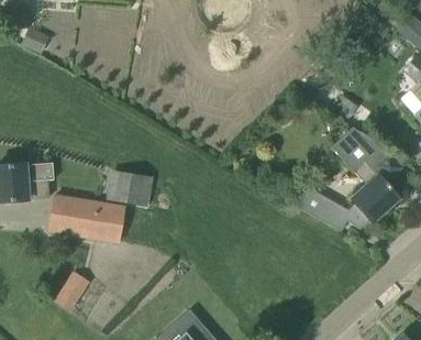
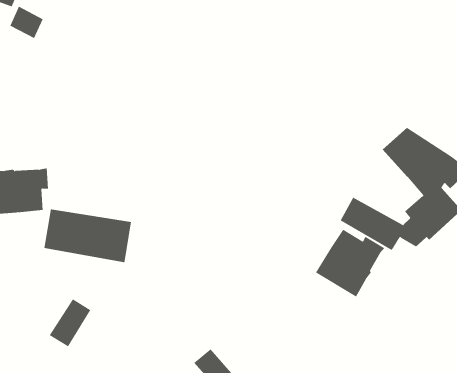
building: [111,171,152,206] -> none
building: none -> [315,229,385,297]

